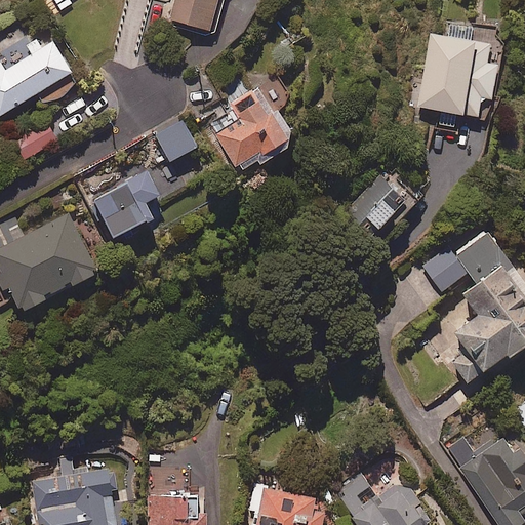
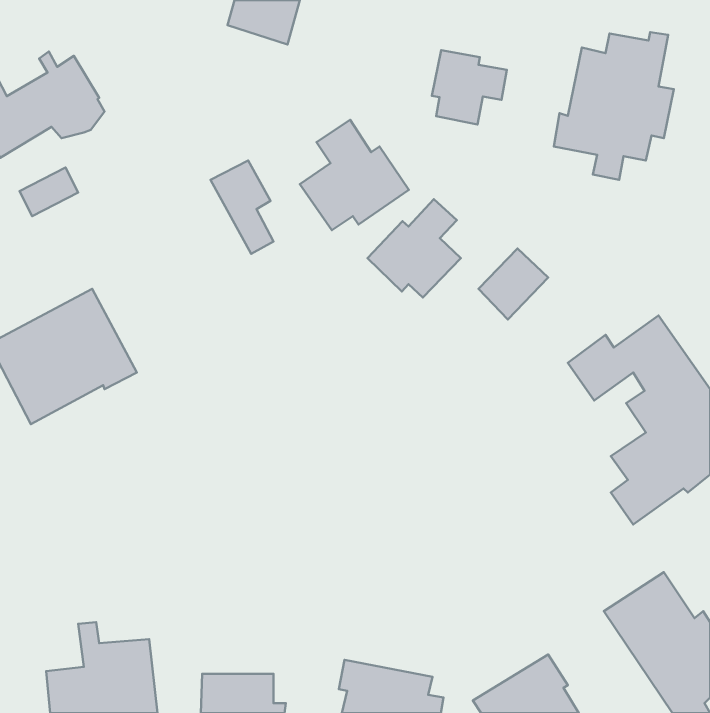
building: none -> [432,50,507,125]
building: none -> [367,199,461,297]
building: [89,170,164,240] -> none

